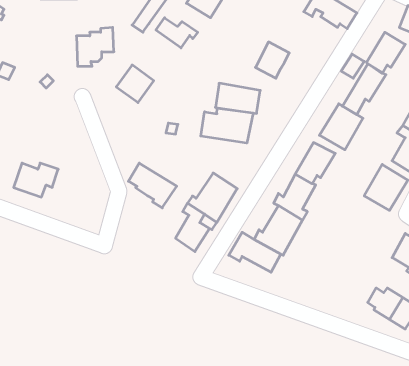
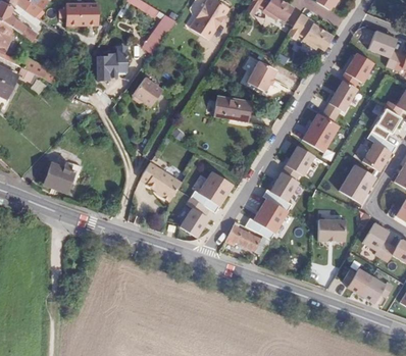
building: [156,18,198,48] -> none
building: [201,108,253,143] -> none
building: none -> [314,218,345,242]

